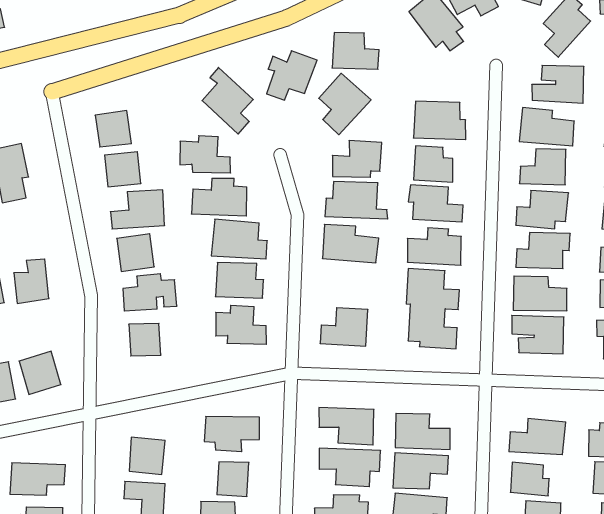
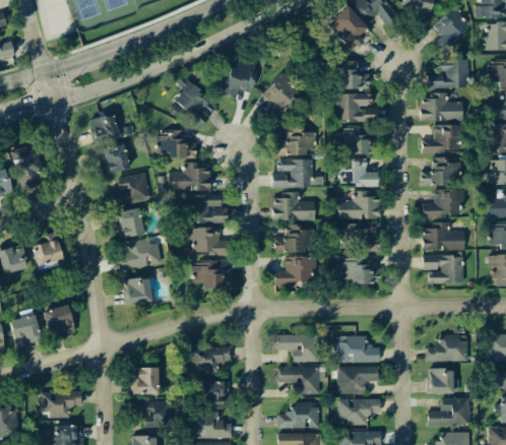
building: [332,33,379,69] -> [335,61,371,89]
building: none -> [274,225,308,253]

